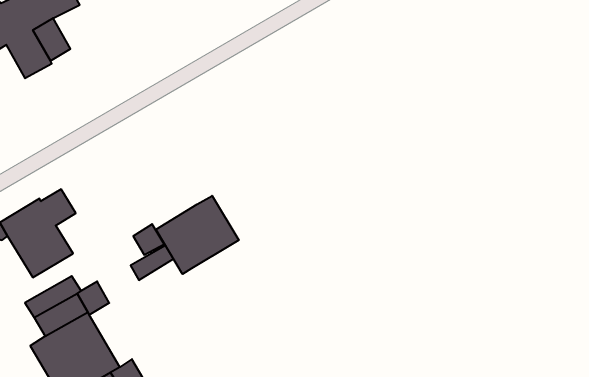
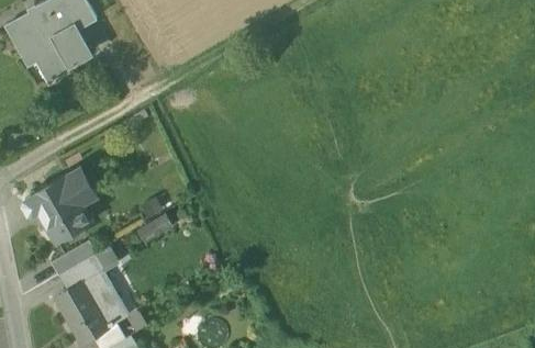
building: [156,196,239,274] -> none

